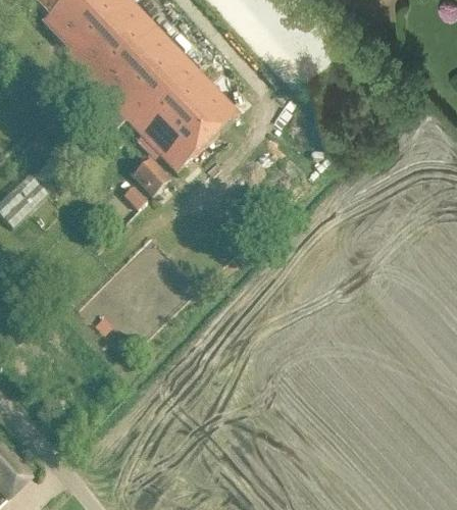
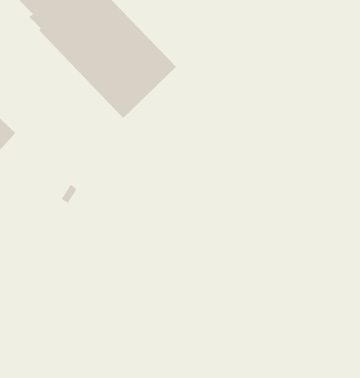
building: [133,161,169,198] -> none

